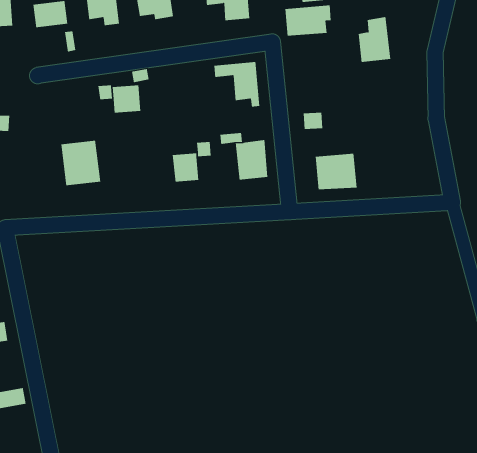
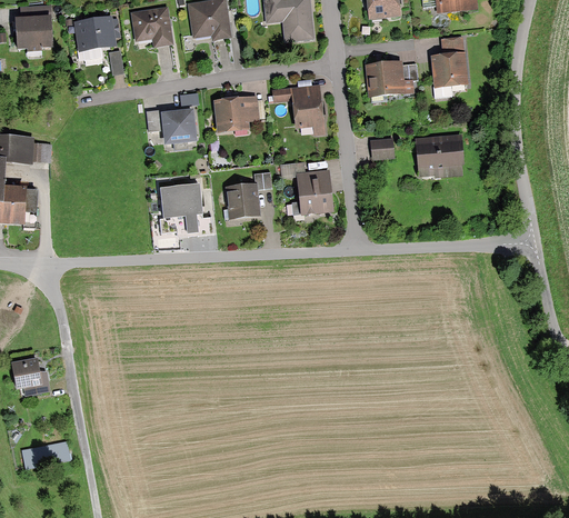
building: [285,5,331,36] -> [366,62,417,97]
building: none -> [216,98,262,129]
building: [60,140,101,186] -> [161,185,206,235]
building: [315,153,357,190] -> [416,136,462,176]

